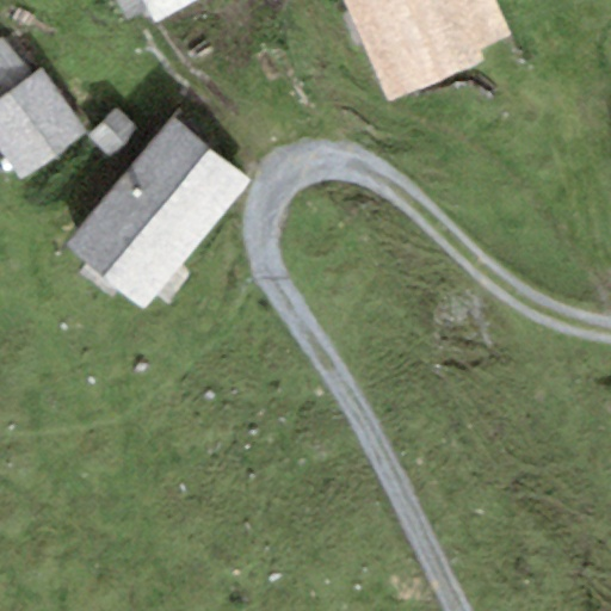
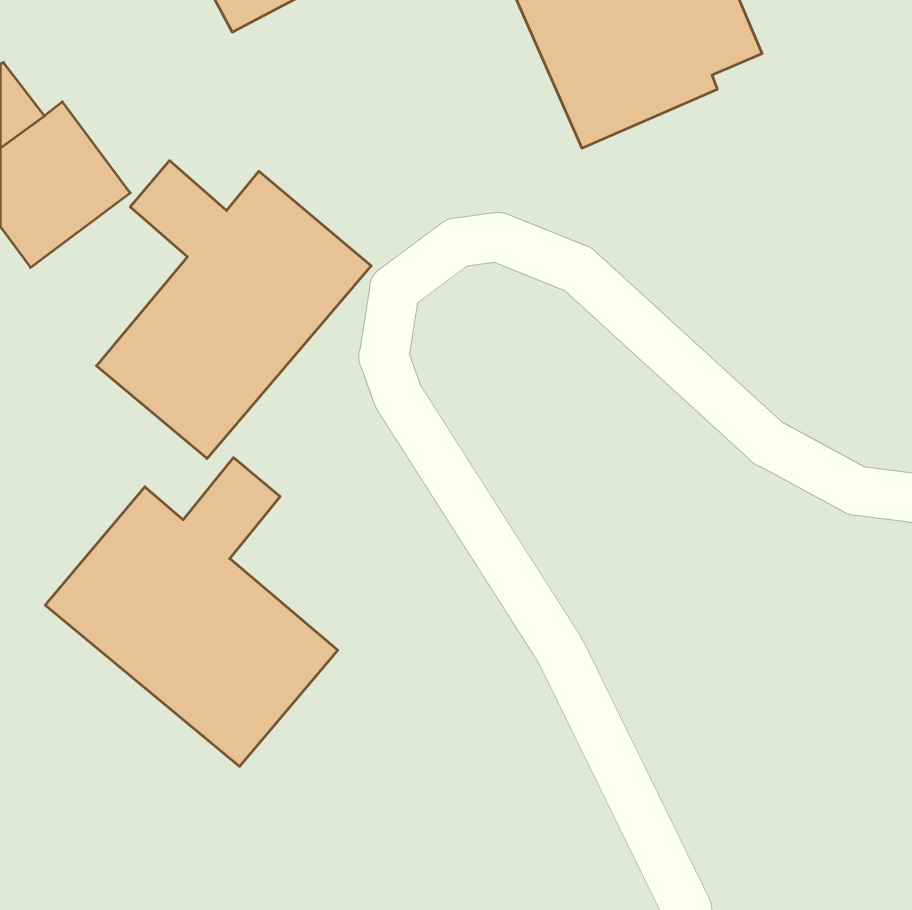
building: none -> [45,458,338,766]

